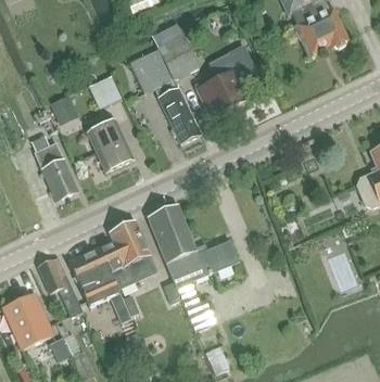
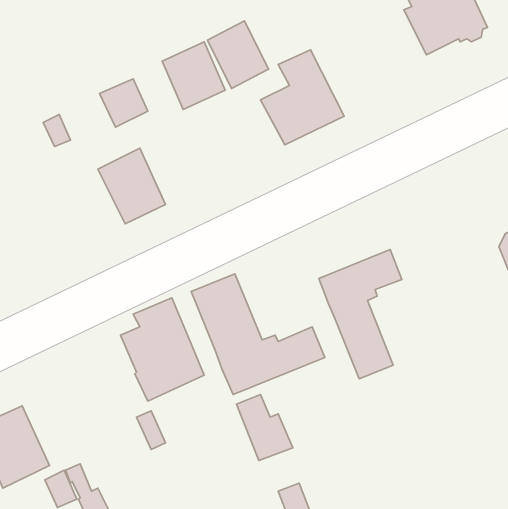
building: [157,87,202,143] -> none
building: [31,136,78,201] -> none
building: none -> [319,250,402,379]
building: [68,245,121,306] -> none
building: [38,256,84,316] -> none

